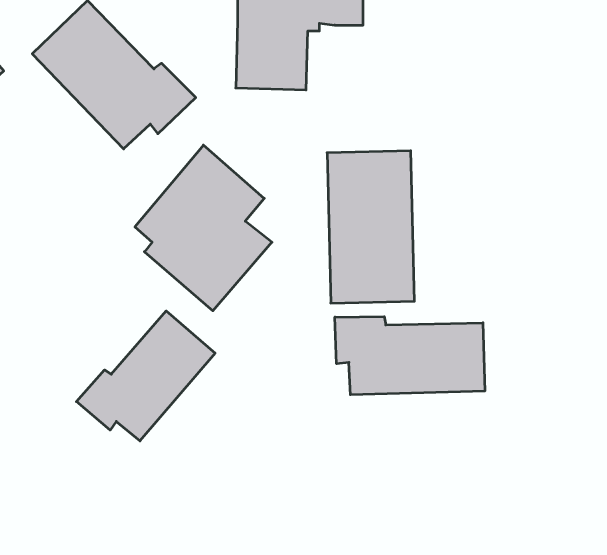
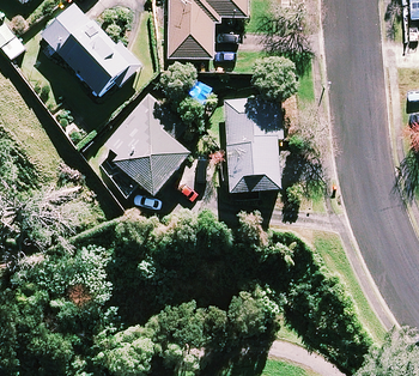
building: [76,311,215,441] -> none
building: [335,317,485,395] -> none

